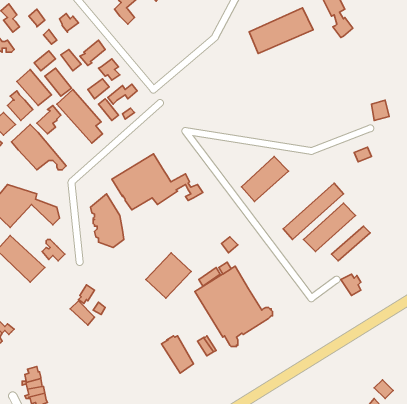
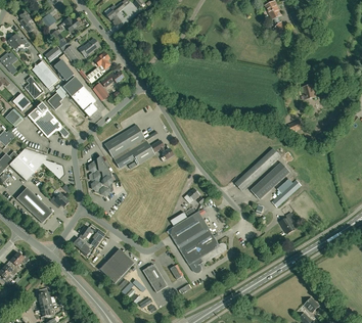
building: [249,8,313,53] -> none
building: [242,157,288,201] -> none
building: [146,253,191,298] -> [99,248,134,283]

